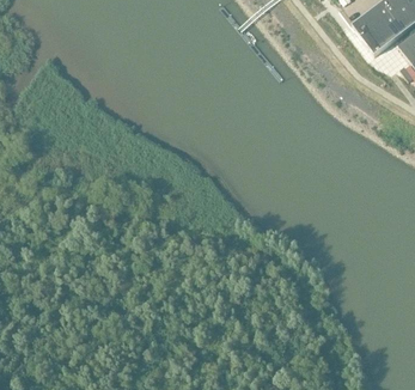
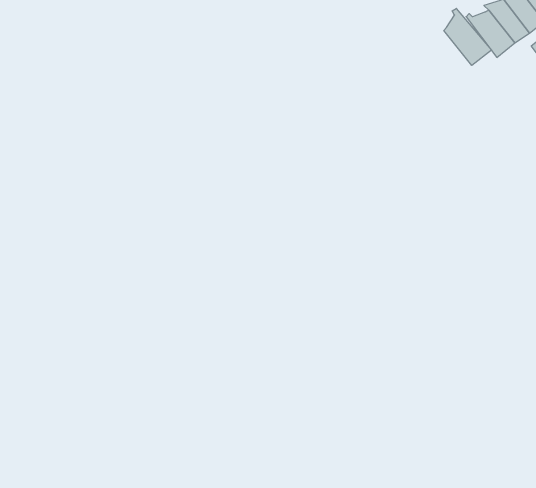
building: none -> [444,8,491,65]

